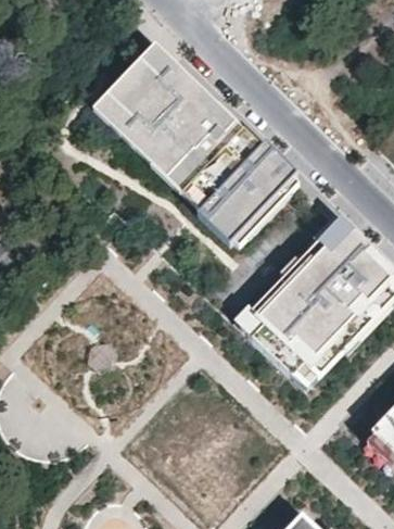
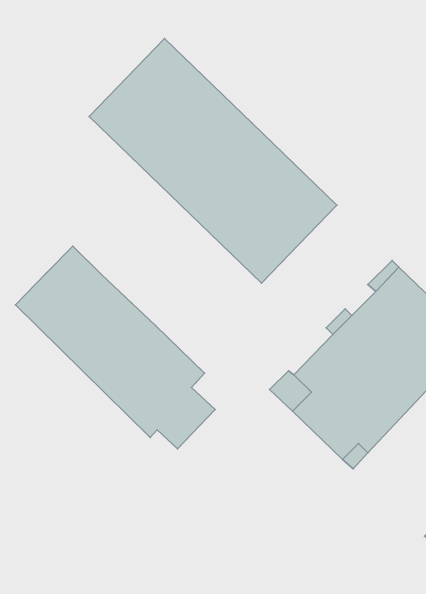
building: none -> [16,246,215,449]

